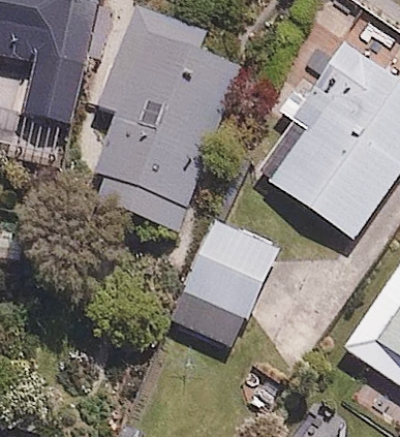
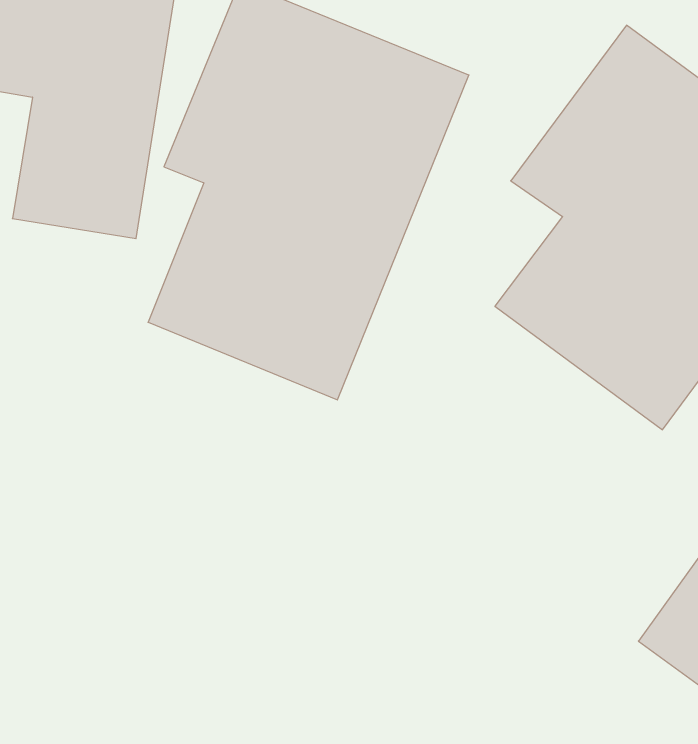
building: [185,212,284,321] -> none

